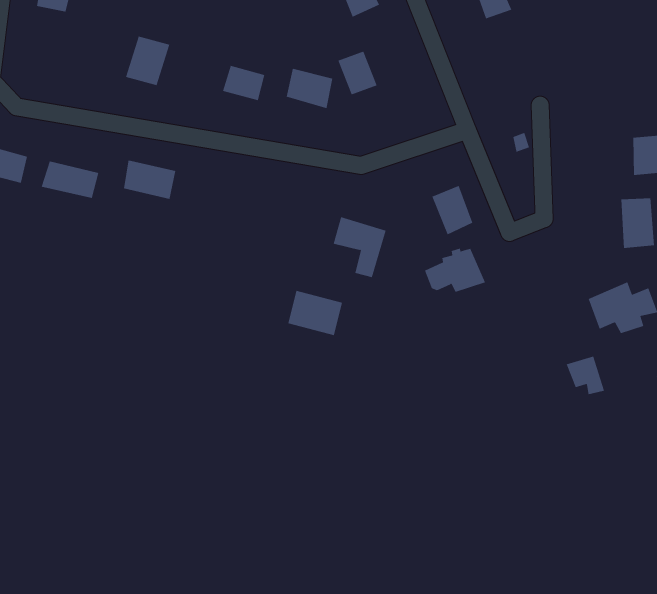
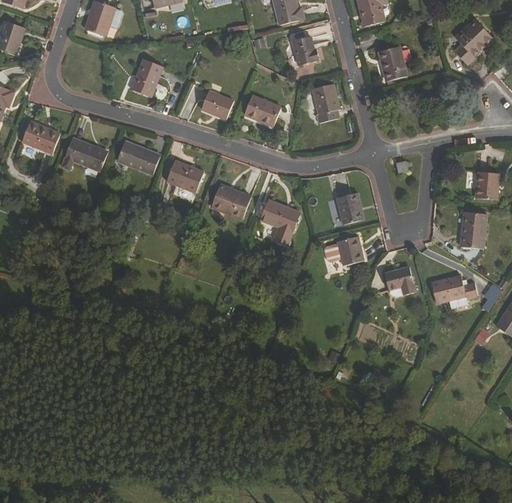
building: [337,51,377,95] -> [312,88,337,117]
building: none -> [170,162,206,193]
building: [287,290,343,336] -> [209,183,249,218]
building: [566,356,605,395] -> [387,267,411,293]

